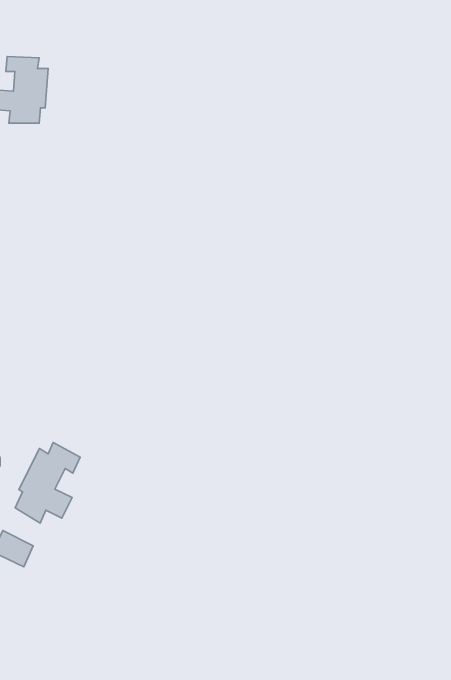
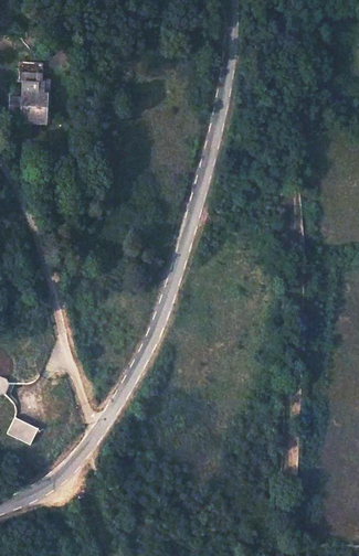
building: [15,442,80,523] -> none

